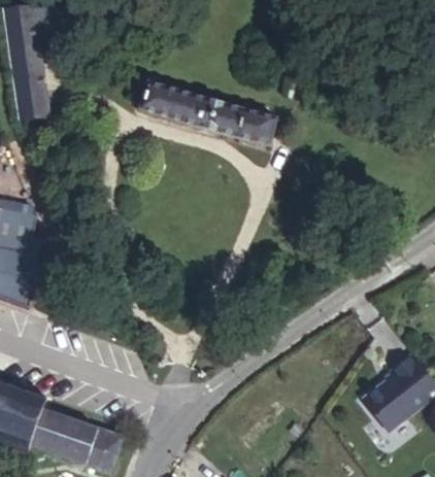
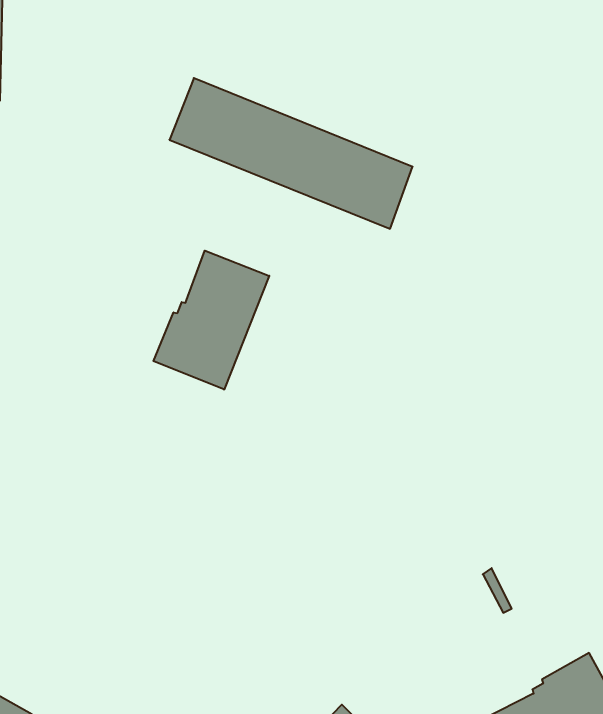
building: none -> [153,251,269,390]

